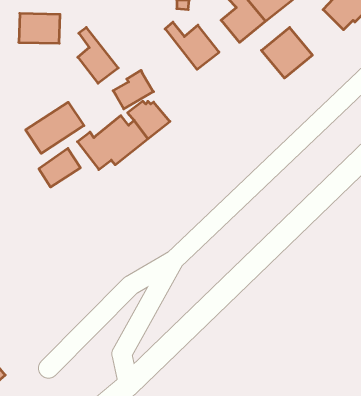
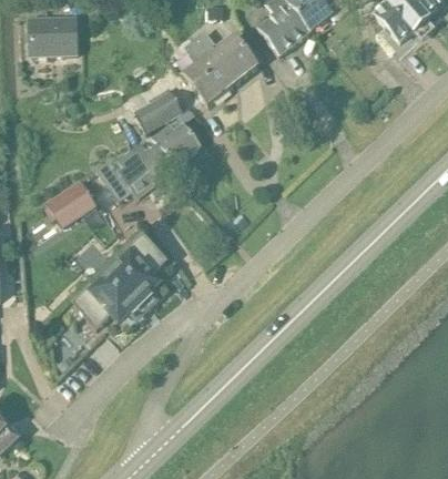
building: [261,27,312,78] -> none
building: [78,27,118,83] -> [184,39,231,103]
building: [26,102,84,153] -> none
building: none -> [73,237,165,329]

